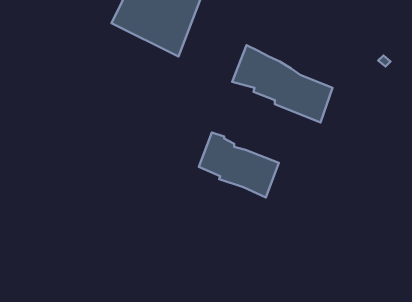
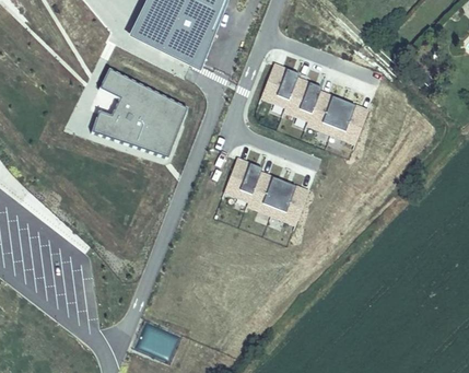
building: none -> [91,66,185,153]

